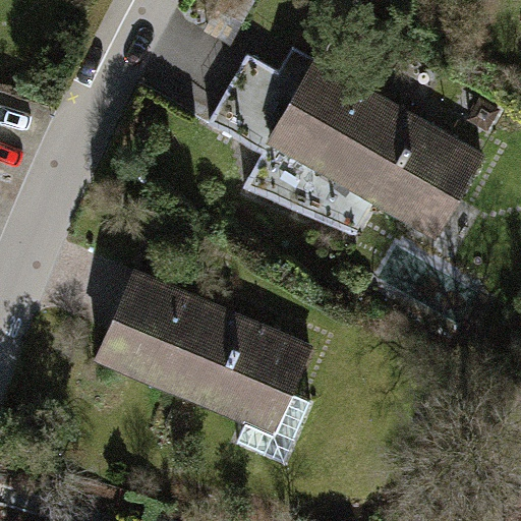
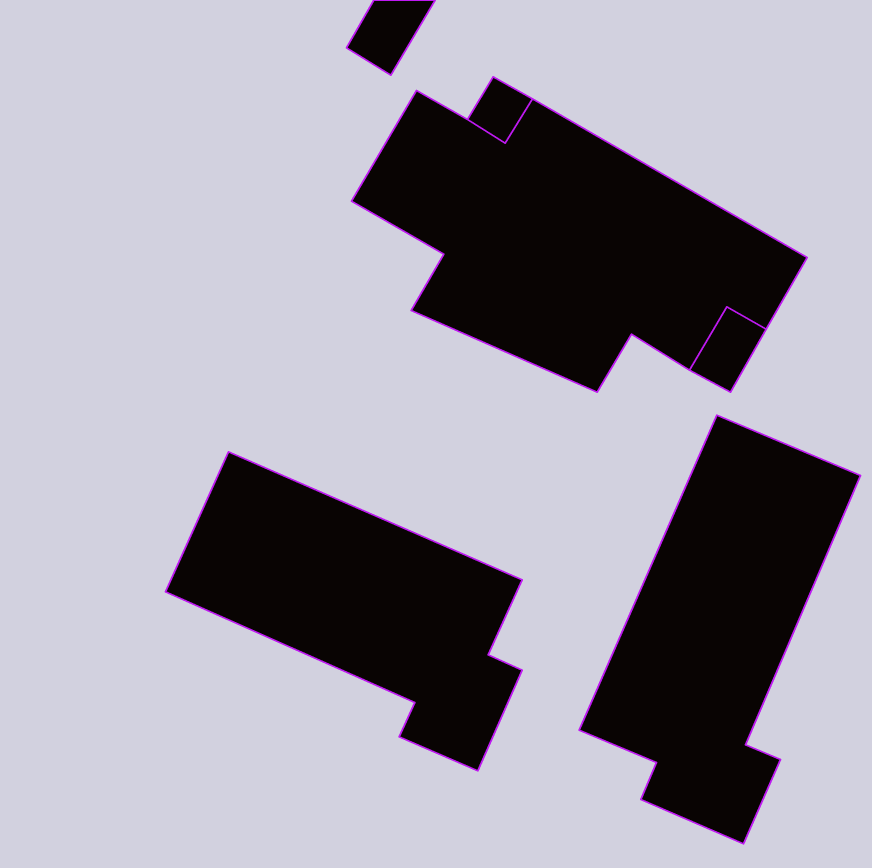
building: none -> [579,415,861,844]

